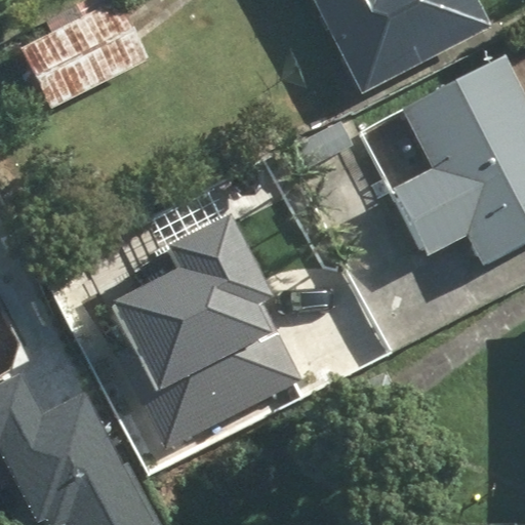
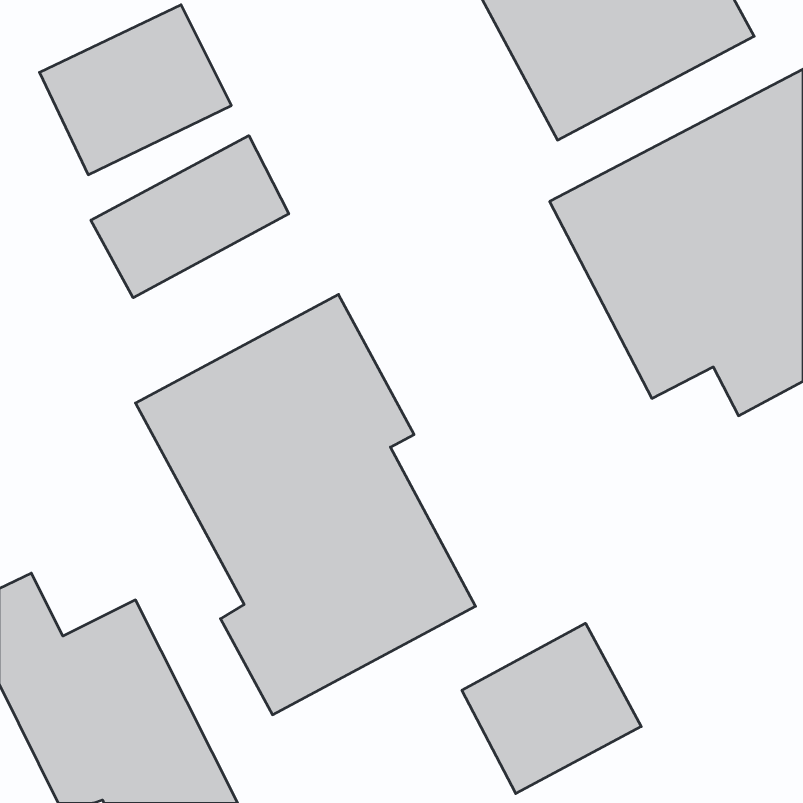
building: none -> [91,136,289,298]
building: none -> [462,623,641,794]

